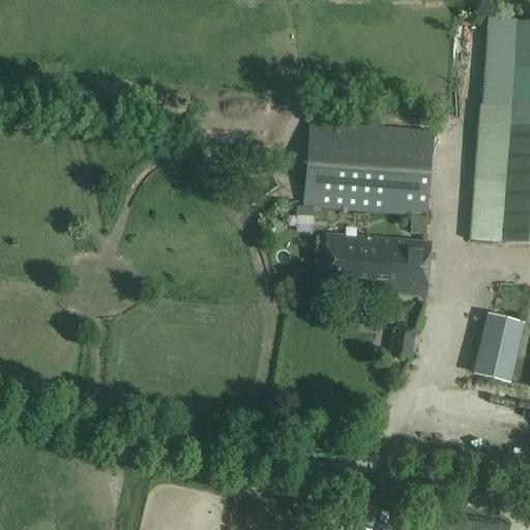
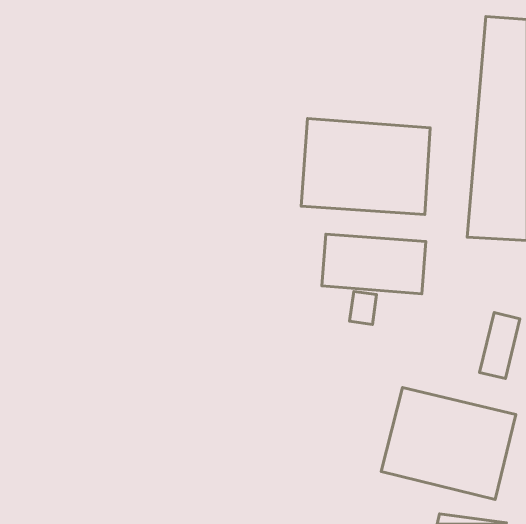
building: [390,325,417,358] -> [350,291,376,324]
building: none -> [381,388,516,499]

